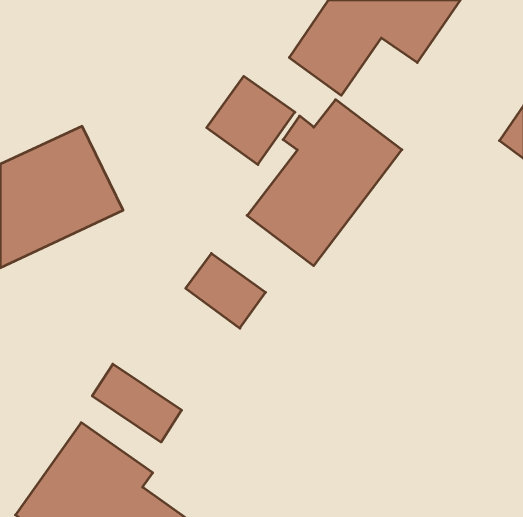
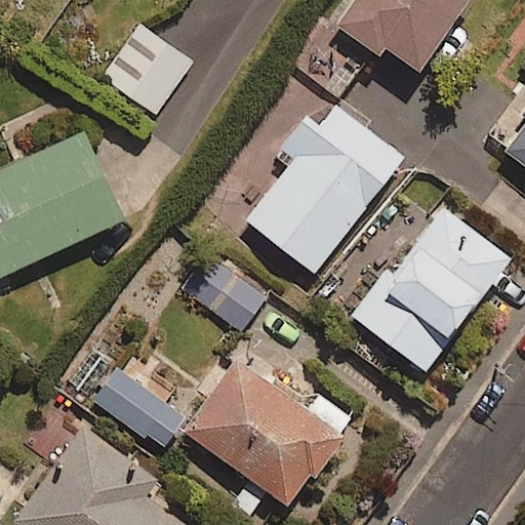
building: [207,76,295,165] -> [105,29,193,117]
building: none -> [354,207,509,368]
building: none -> [183,356,354,508]

